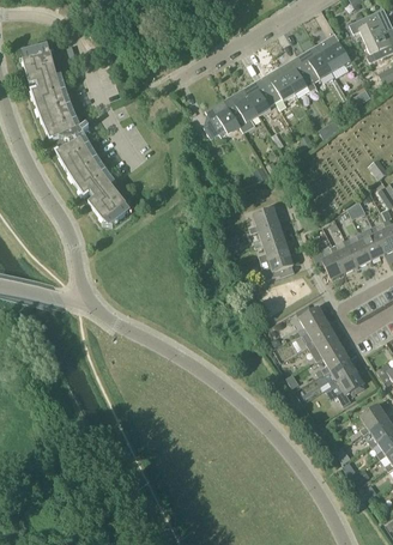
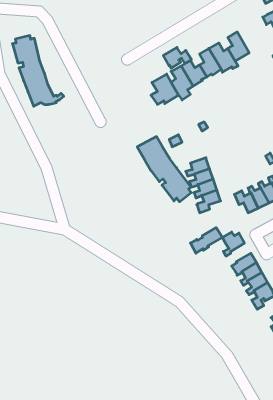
building: [315,34,352,71] -> none
building: none -> [163,47,191,68]
building: [55,138,126,223] -> [137,137,191,202]
building: [291,319,333,352] -> [190,228,222,253]

